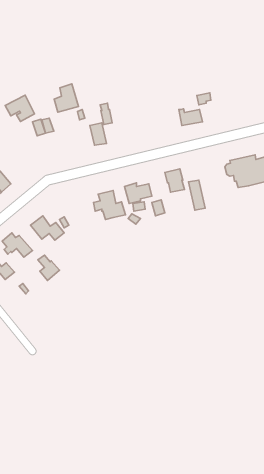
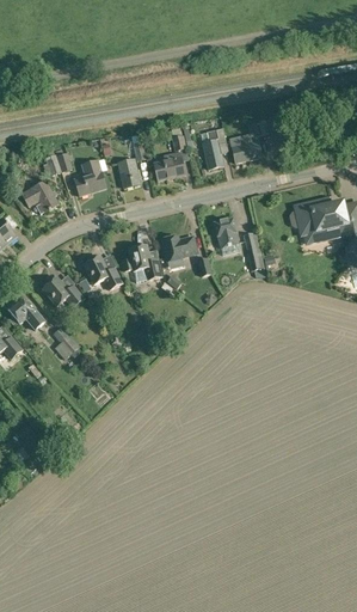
building: [54,84,79,112] -> [74,159,105,195]
building: [5,95,34,121] -> [20,179,57,213]
building: none -> [202,127,226,167]
building: none -> [154,151,184,179]
building: none -> [82,256,122,288]

